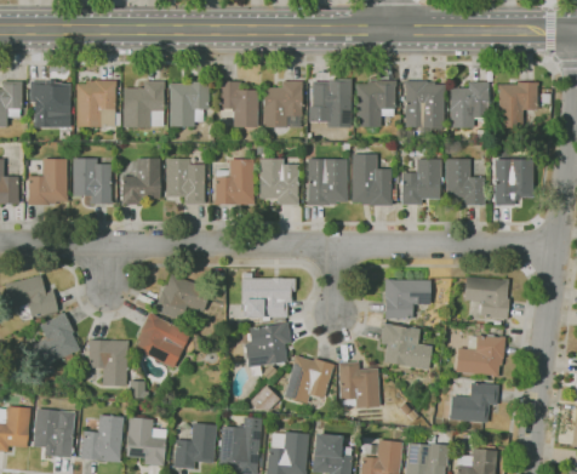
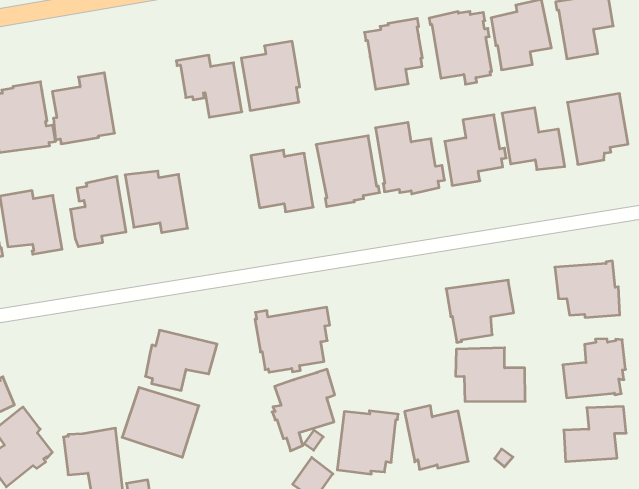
building: [309,79,352,127] -> none
building: [170,81,210,126] -> none
building: [213,159,255,204] -> none

